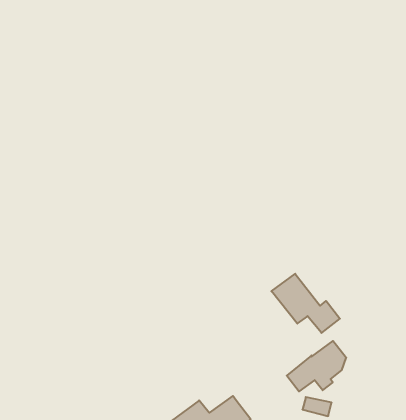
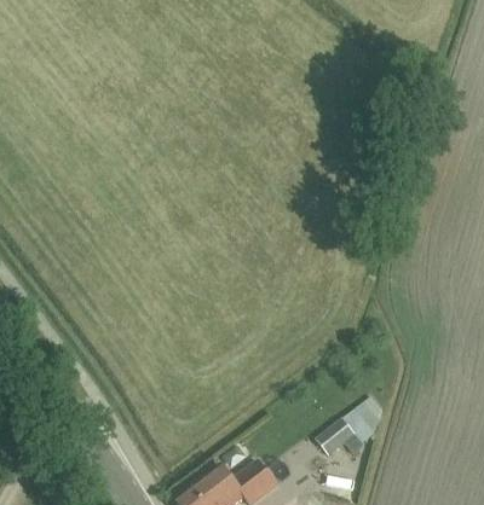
building: [271,274,340,333] -> none

